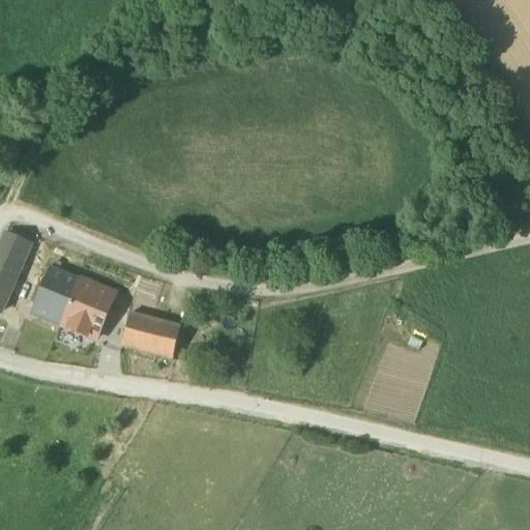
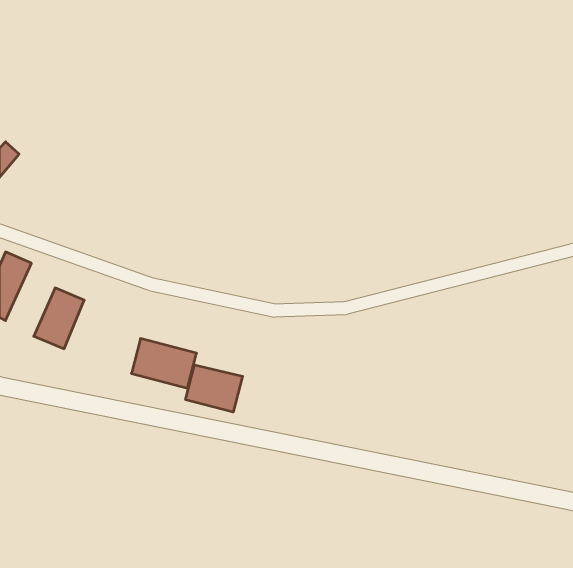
building: [59,275,113,335] -> none
building: none -> [186,365,243,412]

